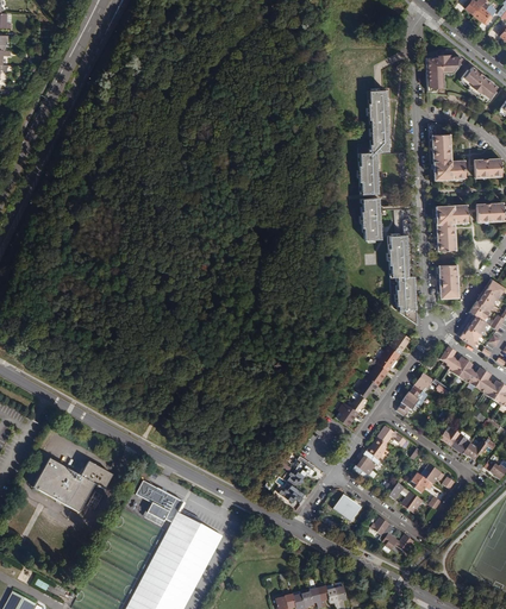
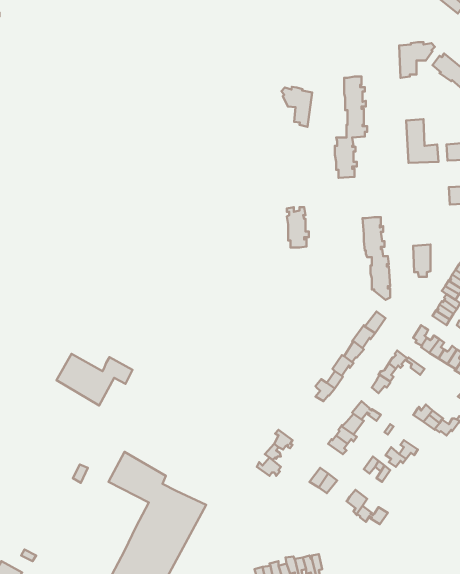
building: none -> [281,87,312,127]
building: [361,197,383,239] -> [287,207,309,247]
building: [436,205,468,250] -> none
building: [32,459,111,513] -> [57,354,133,406]

